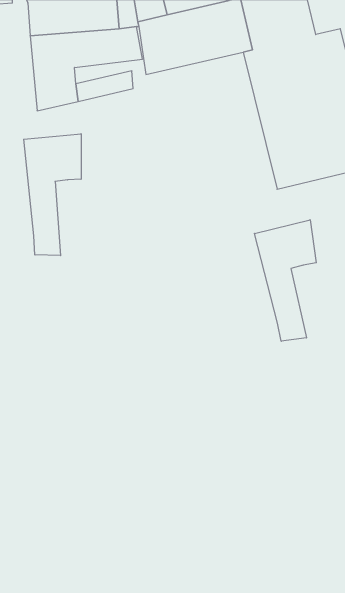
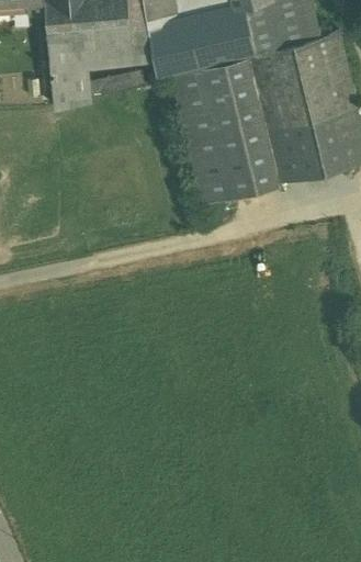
building: none -> [170,53,279,201]
building: [24,134,81,256] -> none
building: [254,220,316,341] -> none

